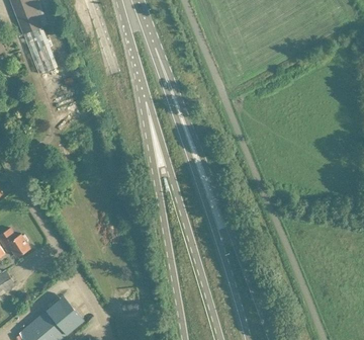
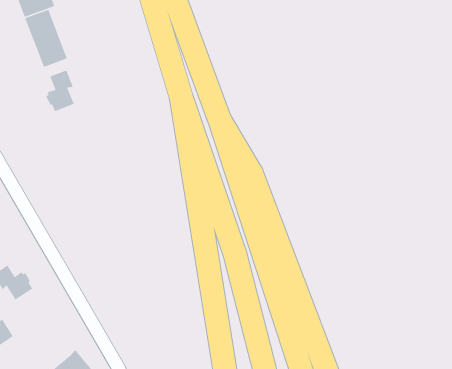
building: none -> [45,69,75,112]

